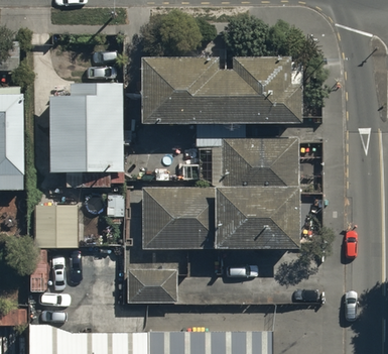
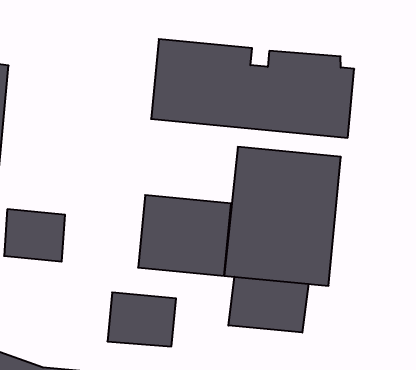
building: [50,84,123,171] -> none
building: none -> [228,277,308,333]

